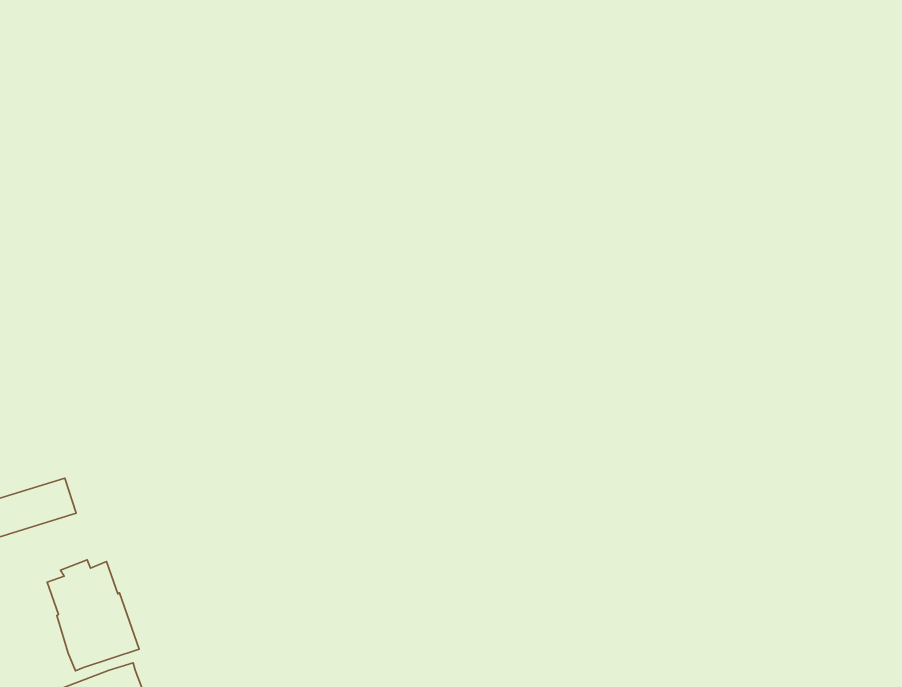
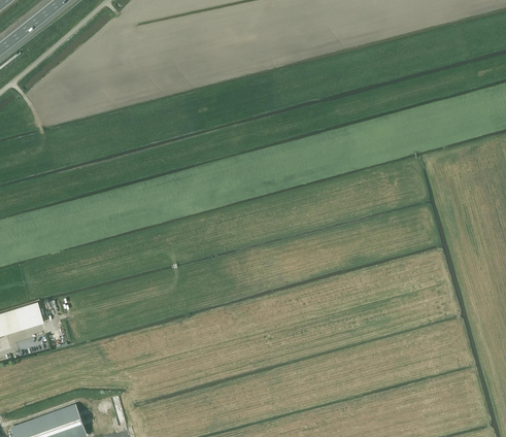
building: [47,560,139,671] -> none

